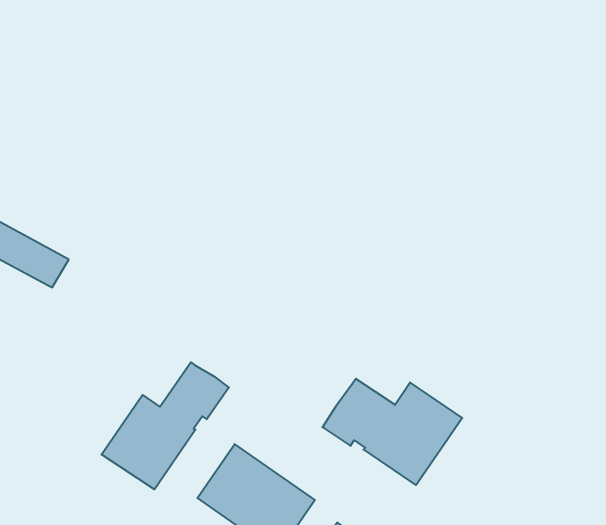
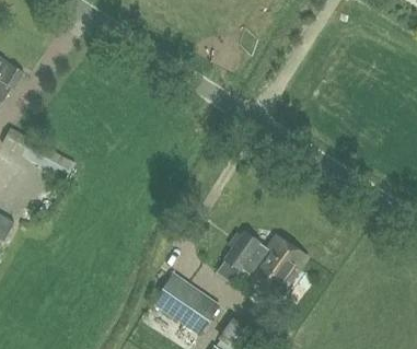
building: [101,362,229,489] -> none

